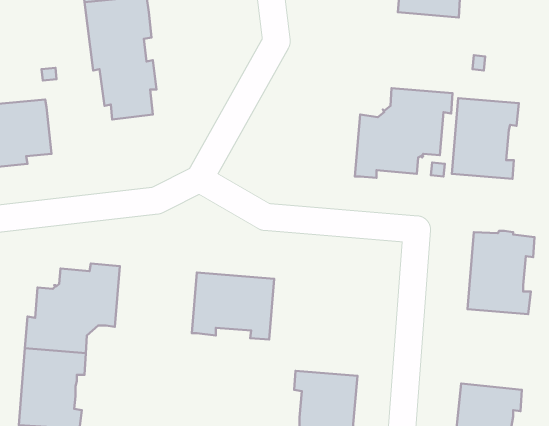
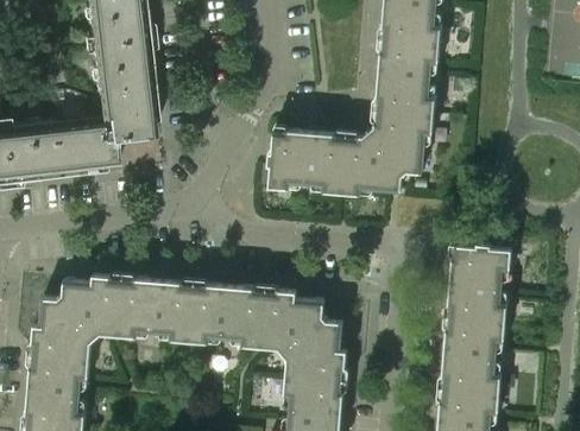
building: [452,98,519,179] -> [376,40,439,116]
building: none -> [51,123,116,173]
building: none -> [267,131,346,195]
building: none -> [115,279,193,342]
building: none -> [260,291,346,382]
building: none -> [441,319,504,395]

